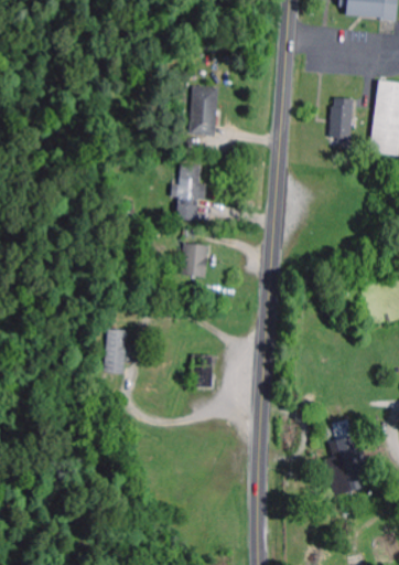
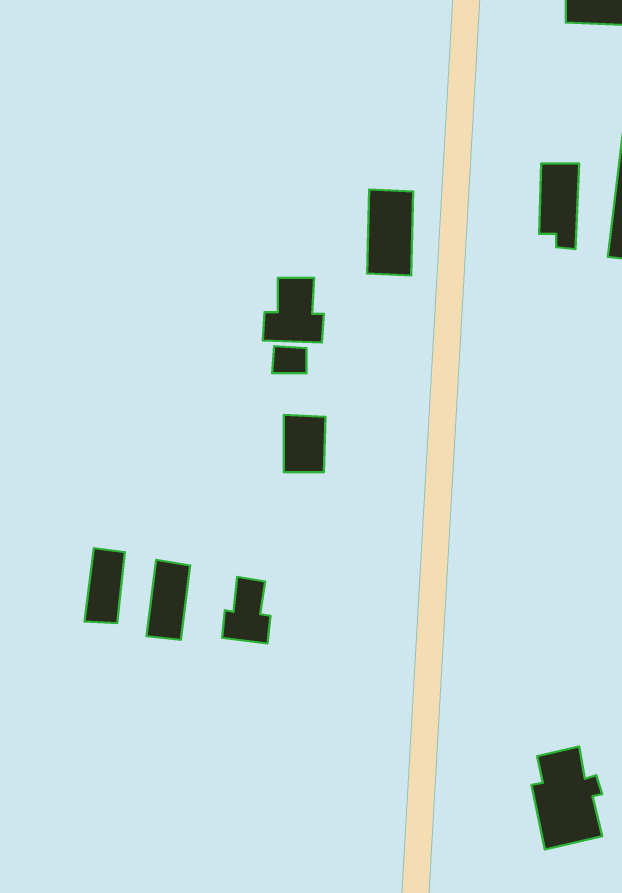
building: [191,85,217,135] -> [367,190,413,275]
building: none -> [85,548,125,623]
building: none -> [222,577,270,644]

